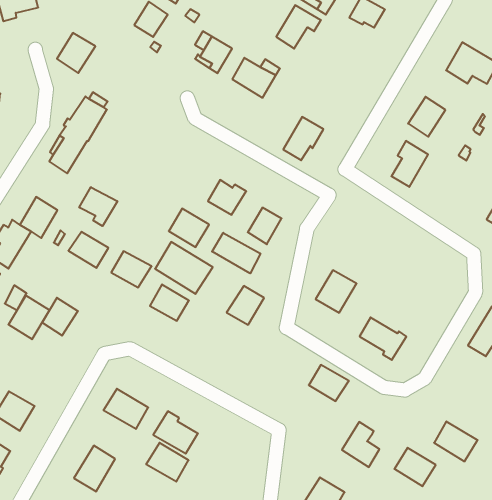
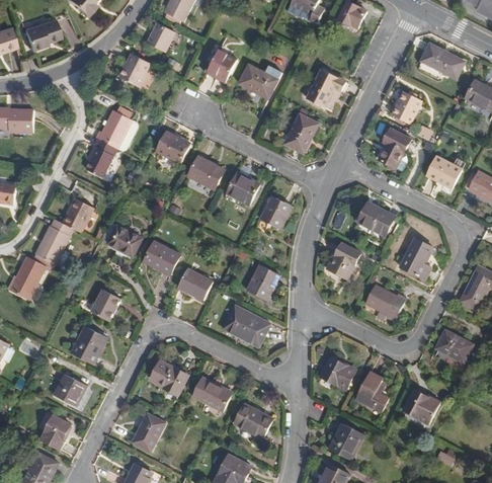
building: [276,5,321,49] -> [307,68,344,105]
building: [57,33,95,73] -> [124,56,156,90]
building: none -> [151,130,187,163]
building: none -> [427,157,462,188]
building: [79,187,117,226] -> none
building: [169,209,209,247] -> [187,155,222,187]
building: none -> [357,199,394,233]
building: [212,233,260,273] -> none
building: [155,242,213,294] -> [222,303,271,346]
building: none -> [400,239,432,279]
building: [8,295,49,339] -> [75,324,109,361]
building: [309,365,349,401] -> [321,357,355,388]
building: [434,421,478,461] -> [435,329,473,363]
building: [146,443,189,482] -> [234,403,270,435]

